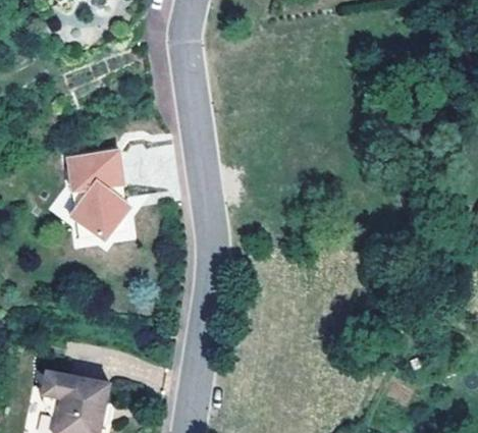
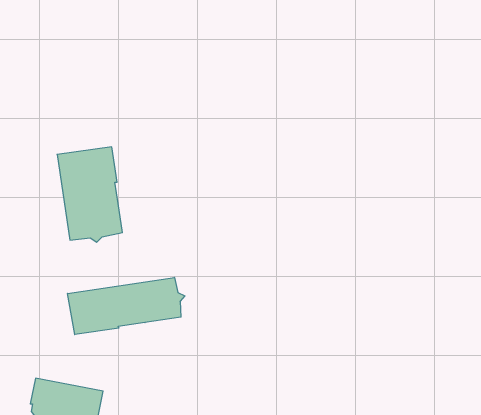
building: none -> [68,277,185,335]

